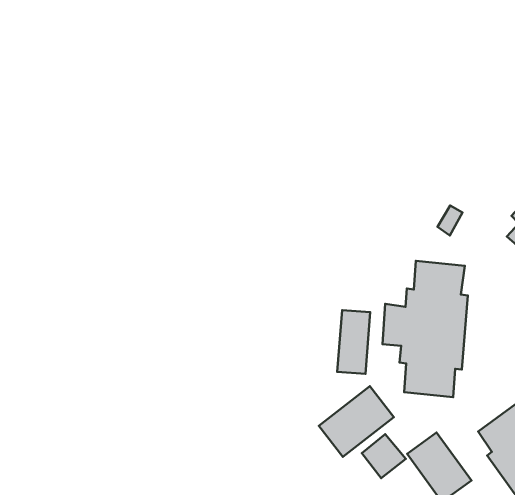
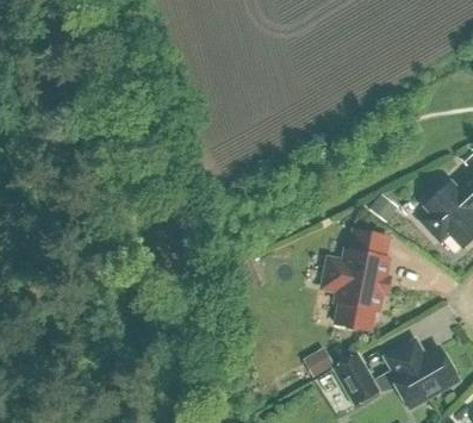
building: [337,310,370,374] -> none
building: [319,386,394,457] -> none

